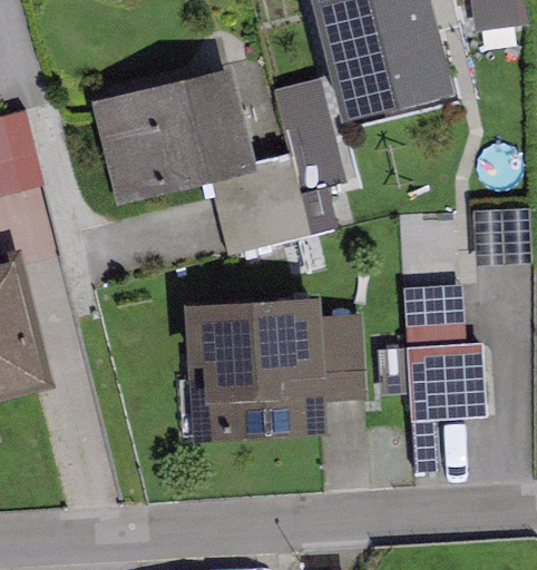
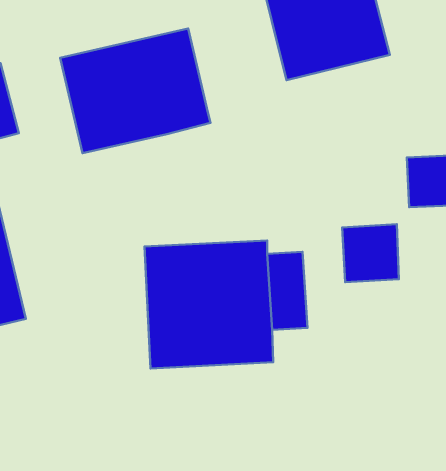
building: [273,76,345,190] -> none
building: [208,154,309,253] -> none
building: [404,343,485,421] -> none

